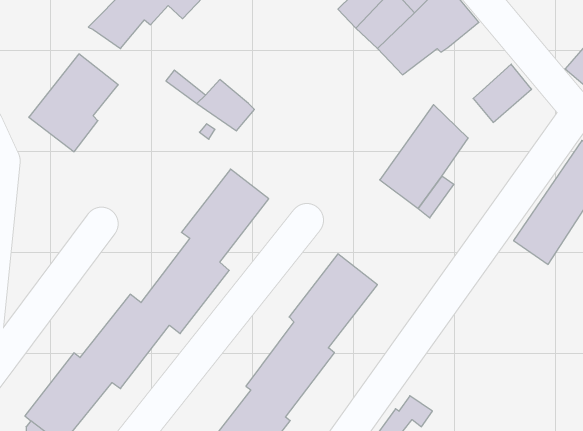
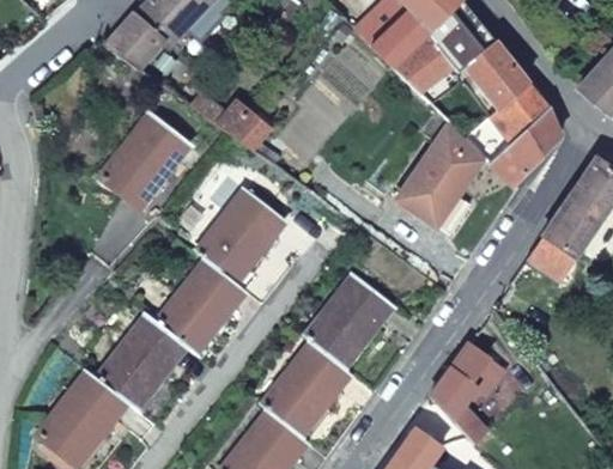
building: none -> [463,41,527,109]
building: [29,54,118,152] -> [99,112,189,211]
building: none -> [487,108,564,189]
building: none -> [435,340,509,441]

